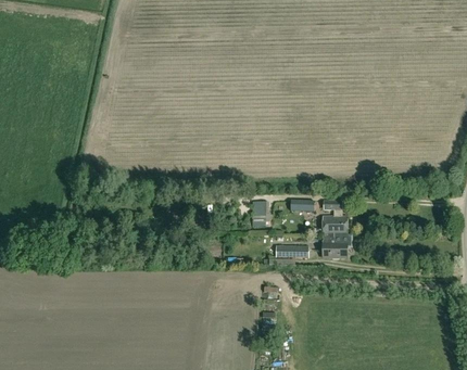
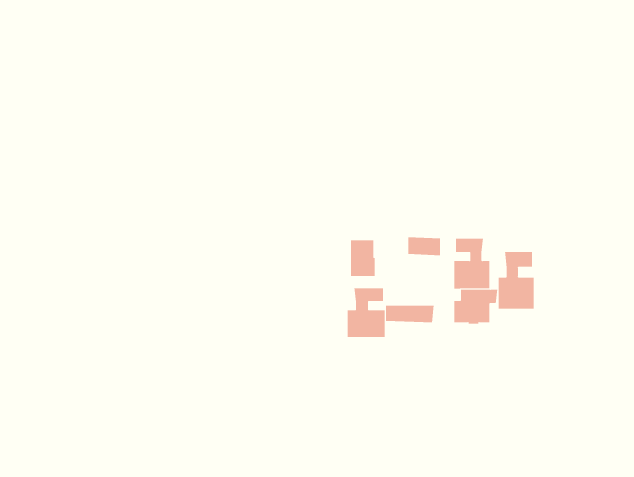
building: none -> [498,251,534,310]
building: none -> [347,288,385,338]

